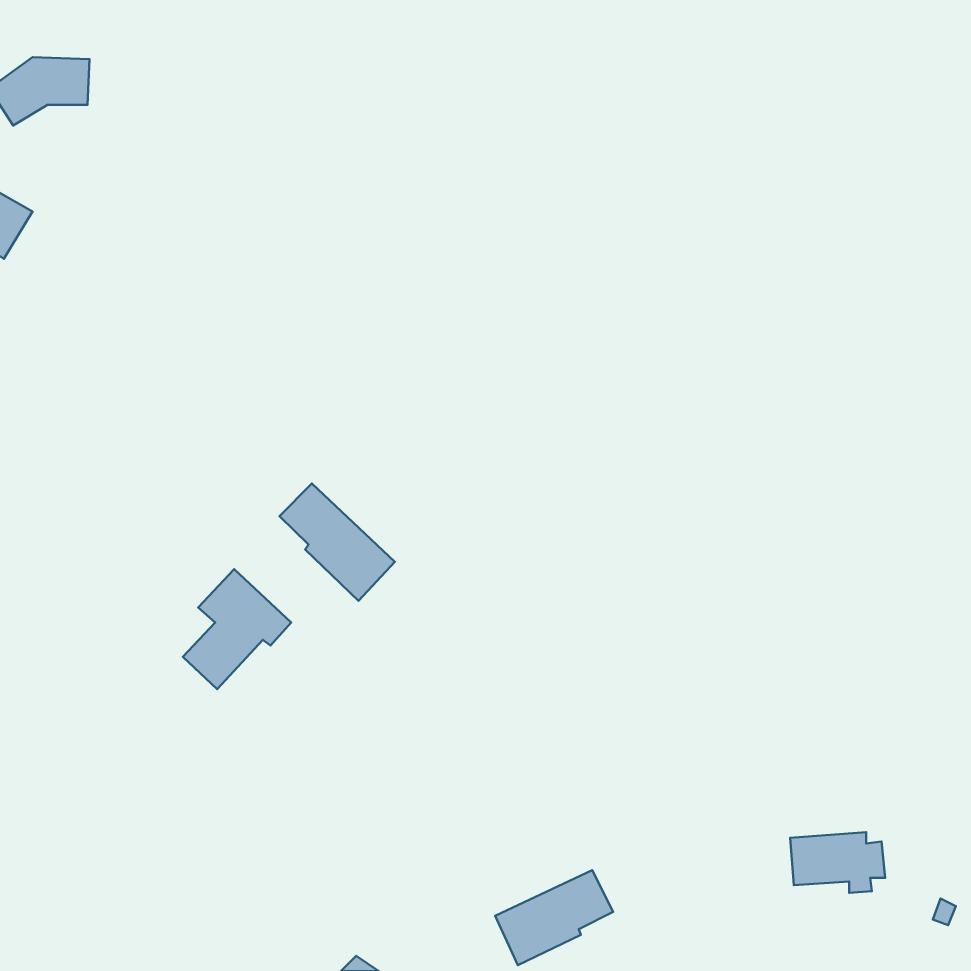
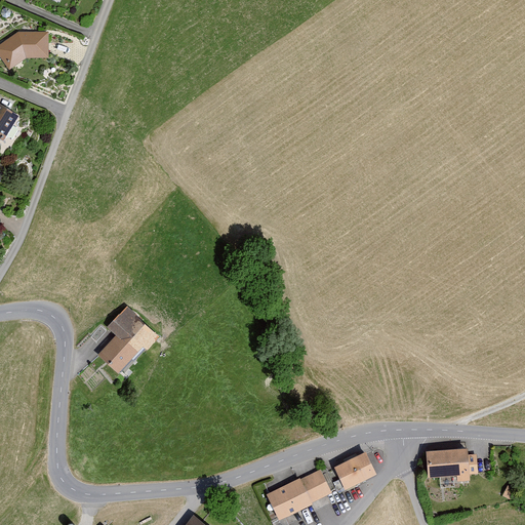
building: [280,484,395,601] -> none
building: none -> [333,452,376,490]

